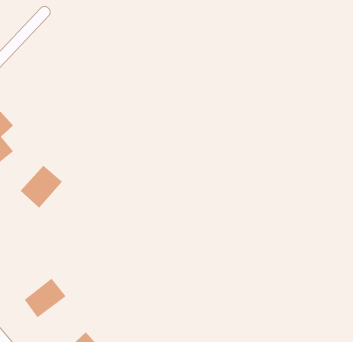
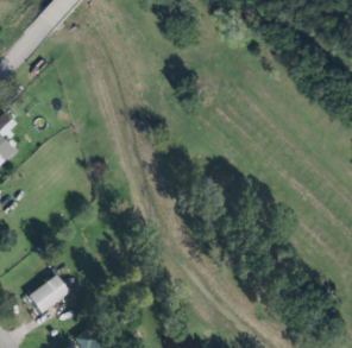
building: [20,165,63,208] -> none

